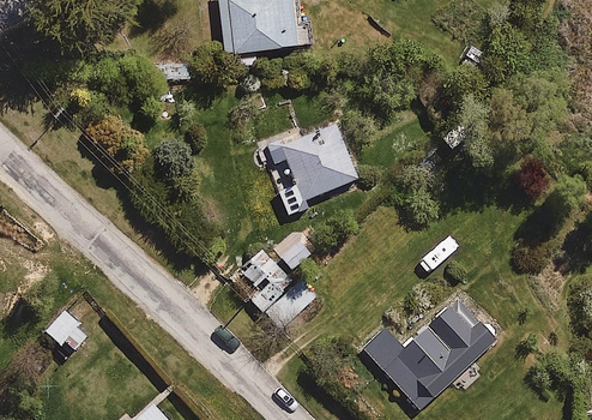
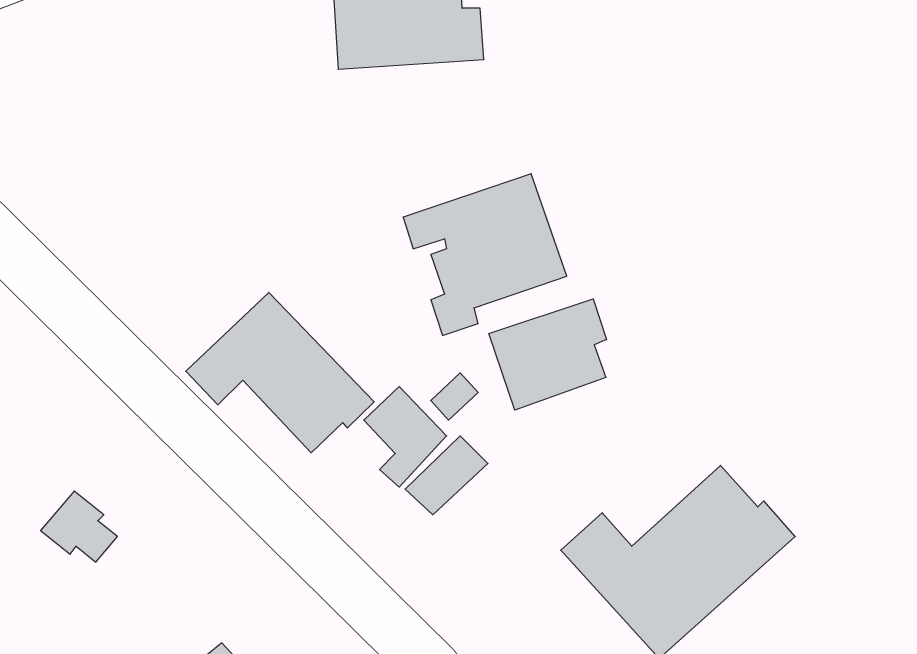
building: none -> [186,292,374,453]
building: none -> [489,299,607,410]

